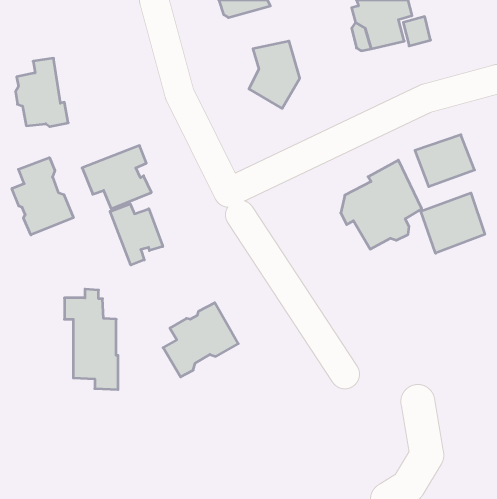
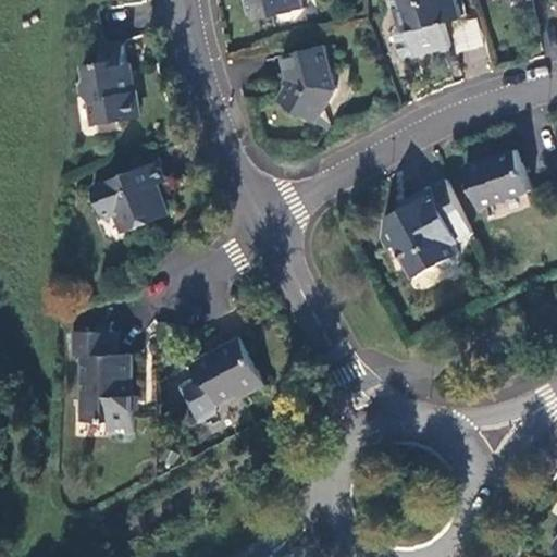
building: [16,58,68,127] -> [79,46,138,122]
building: [12,158,73,235] -> none
building: [421,193,485,253] -> none
building: [110,204,163,265] -> none

